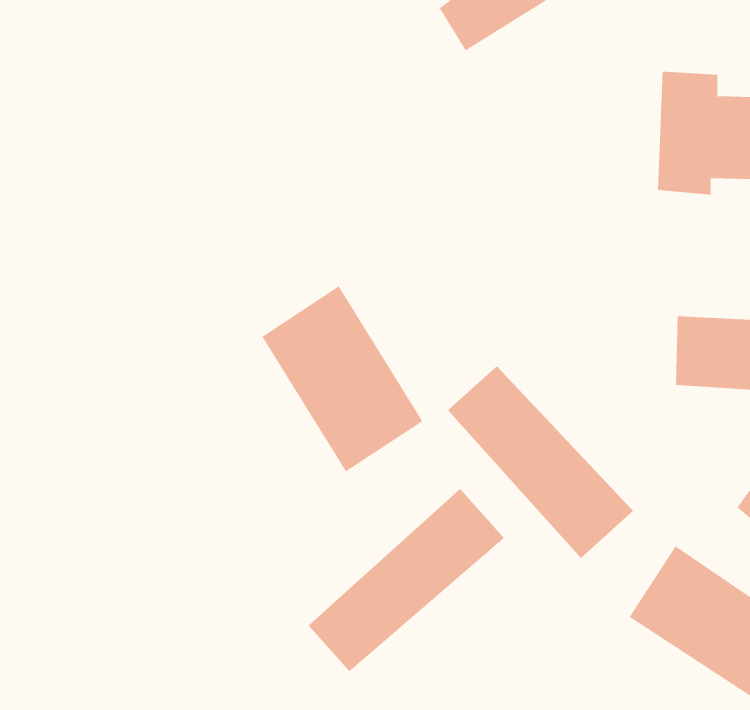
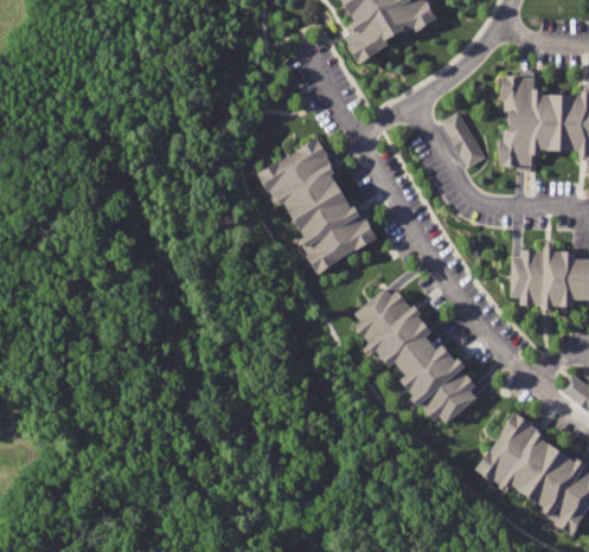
building: none -> [437,110,482,167]
building: [261,285,423,472] -> [261,140,377,274]
building: [308,488,505,672] -> none

